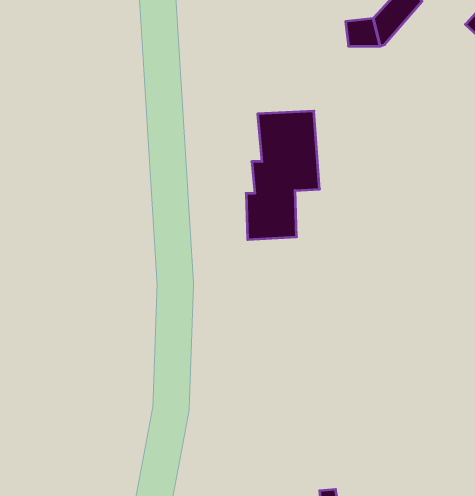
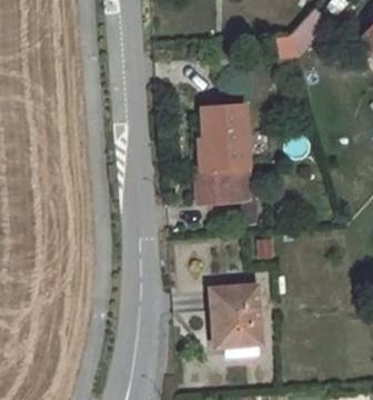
building: none -> [212,286,260,346]

